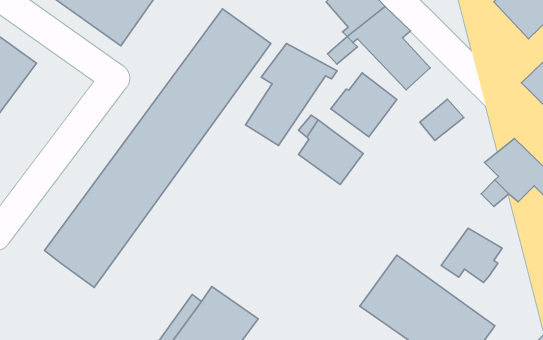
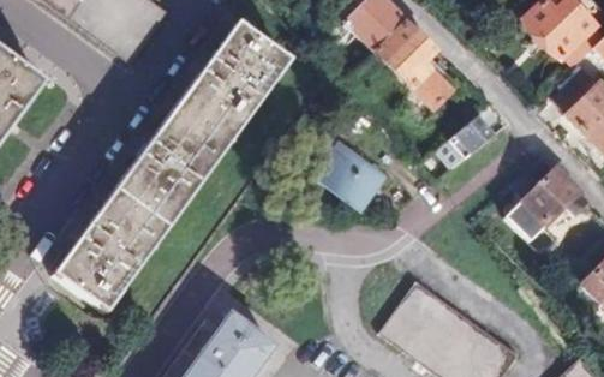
building: [246,43,337,146] -> none
building: [331,73,397,137] -> none
building: [441,228,502,283] -> none

